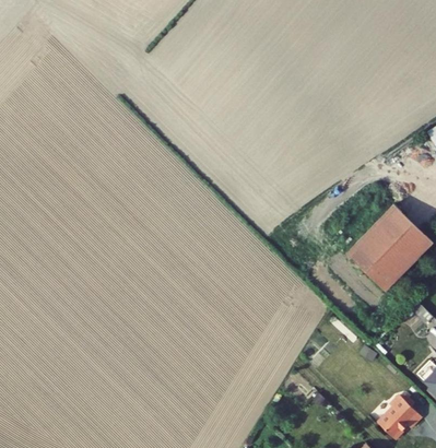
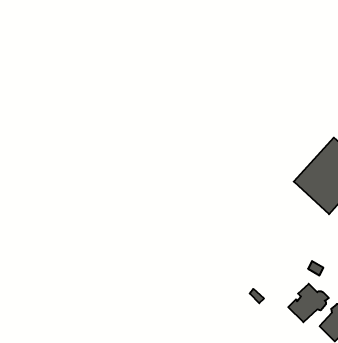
building: none -> [288,284,329,322]

